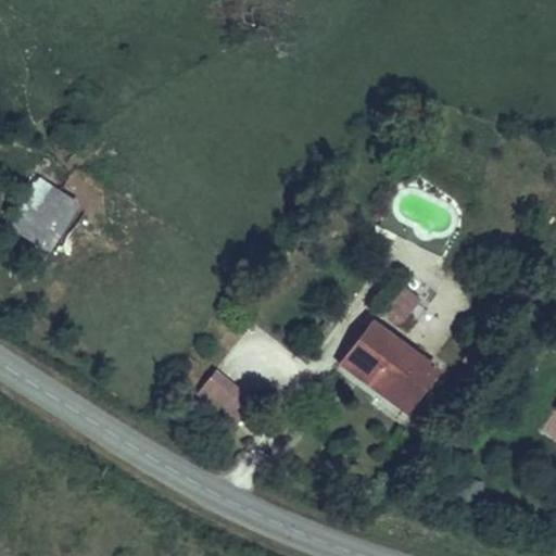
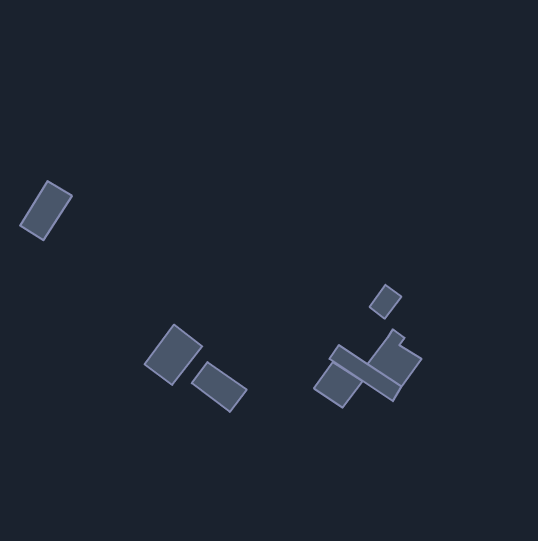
building: [351,327,401,374] -> [314,362,363,408]
building: none -> [145,325,202,385]

